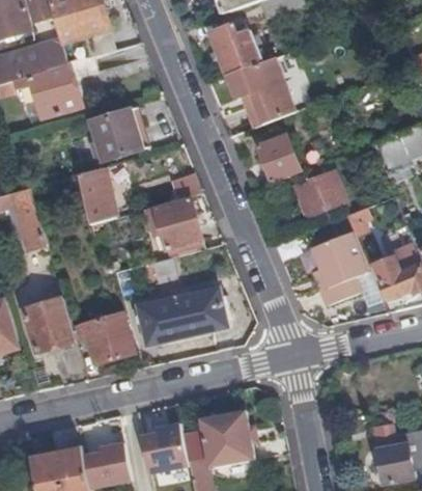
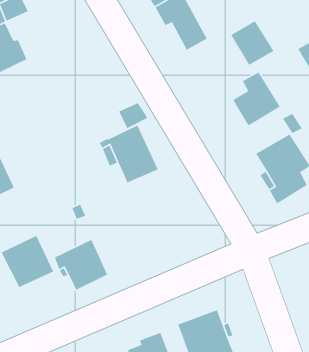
building: [92,110,144,163] -> none
building: [256,134,301,182] -> [230,20,275,66]
building: [78,169,112,223] -> none
building: [138,287,228,344] -> none

